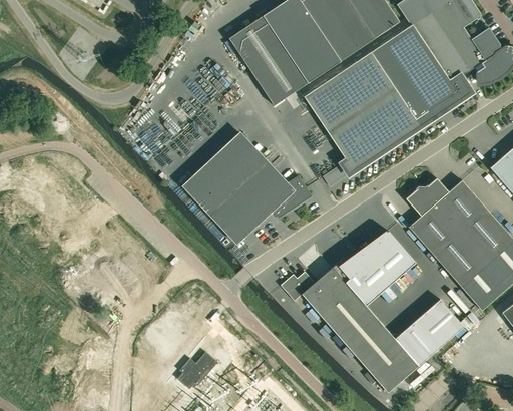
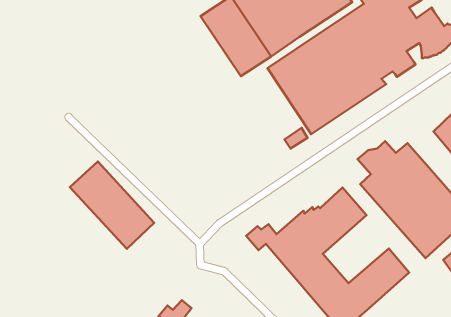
building: [183,132,313,244] -> none
building: none -> [70,162,154,249]

